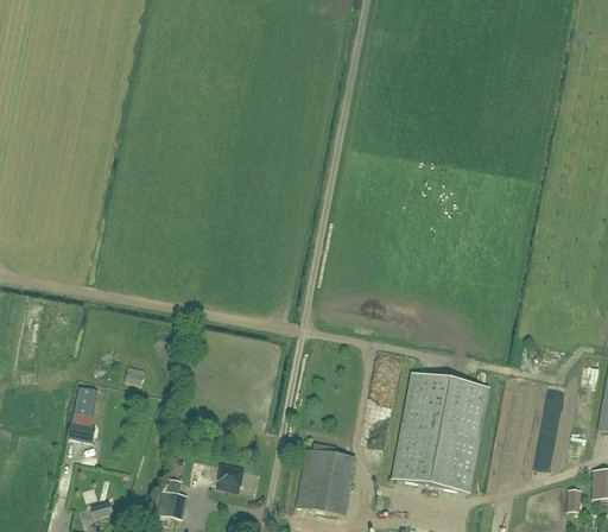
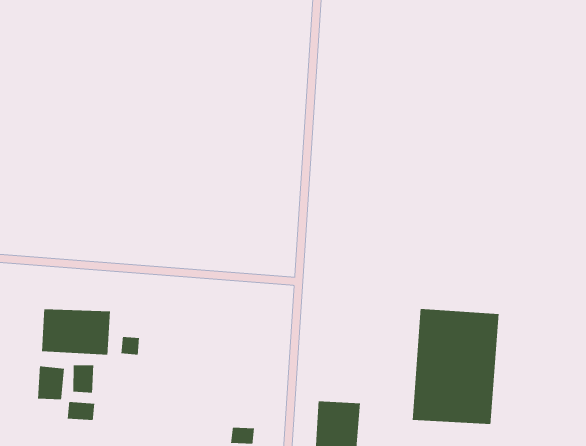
building: none -> [41,308,111,355]
building: none -> [37,365,65,400]

